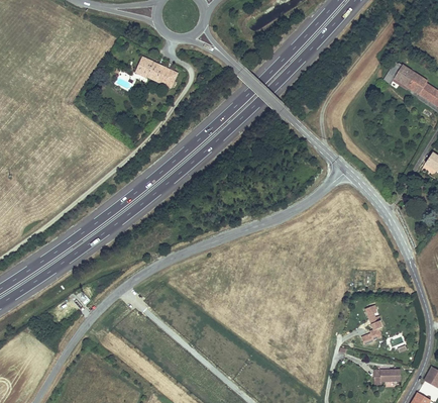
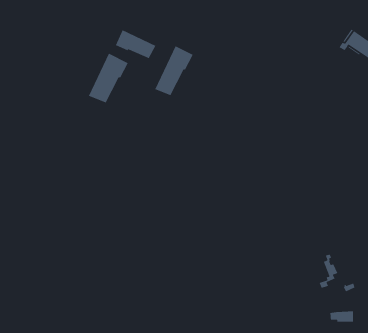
building: none -> [154,45,194,96]
building: none -> [88,53,129,104]

